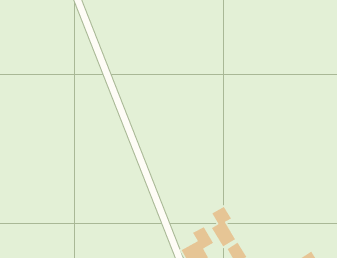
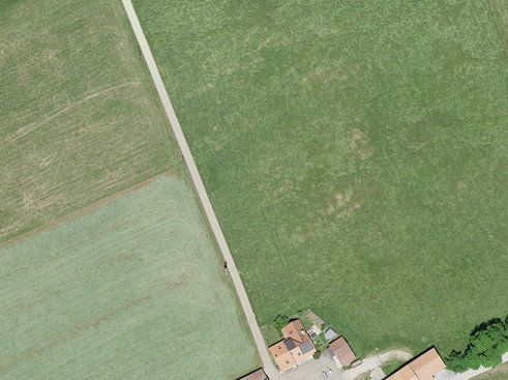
building: [211,206,236,247] -> none

